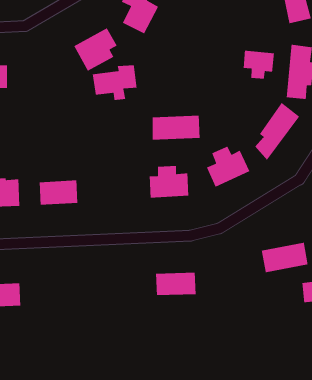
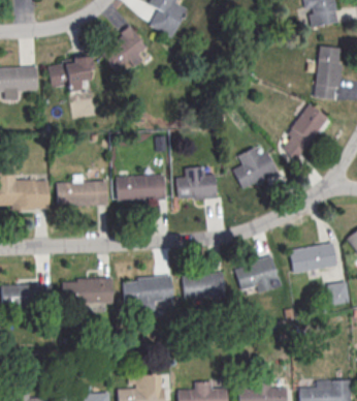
building: [243,50,275,79] -> none
building: [92,64,138,101] -> [48,56,94,92]
building: [152,115,201,141] -> [117,175,165,201]
building: none -> [235,255,282,292]
building: none -> [62,277,112,304]
building: none -> [124,277,173,308]

